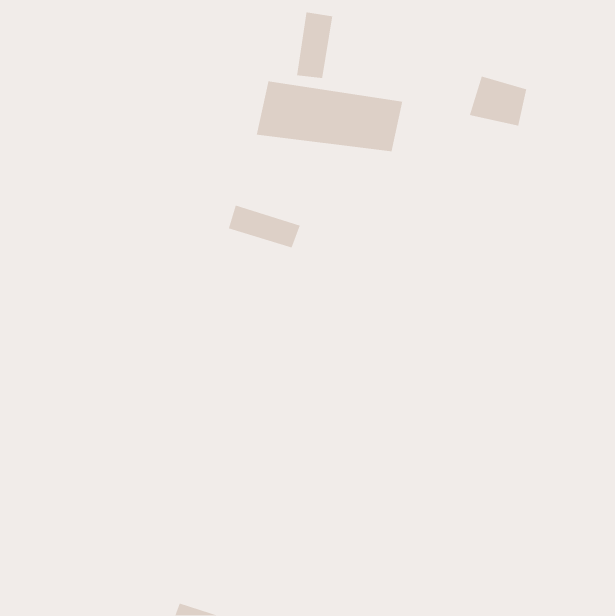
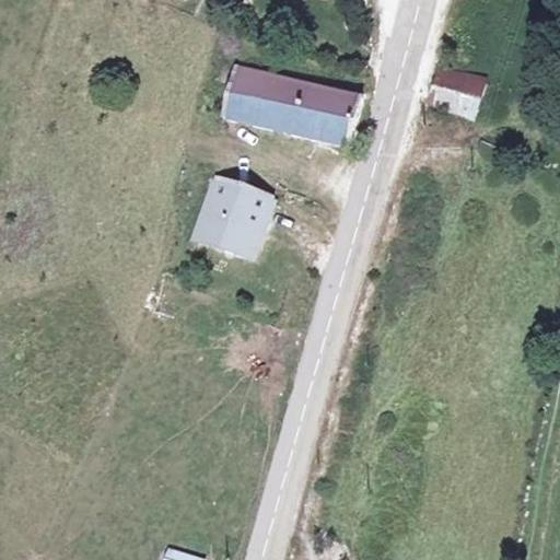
building: [296,11,333,79] -> none
building: none -> [195,206,262,255]

